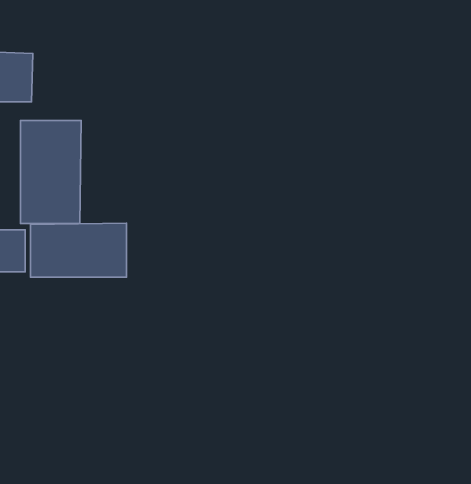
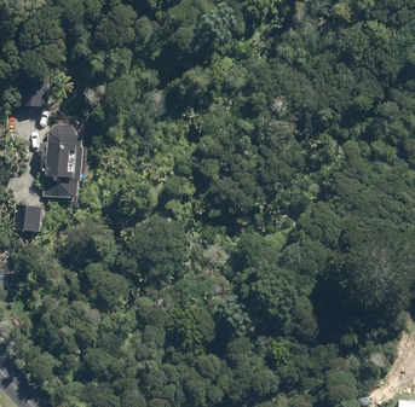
building: [31,223,127,277] -> none

